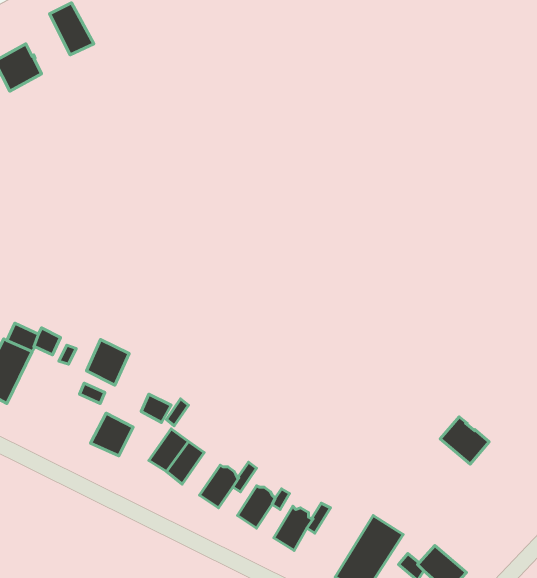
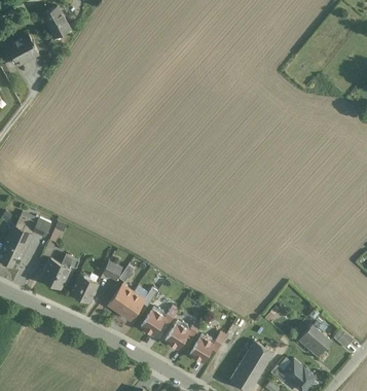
building: [86,339,129,385] -> [41,258,69,288]
building: [440,417,489,464] -> [299,324,331,355]

